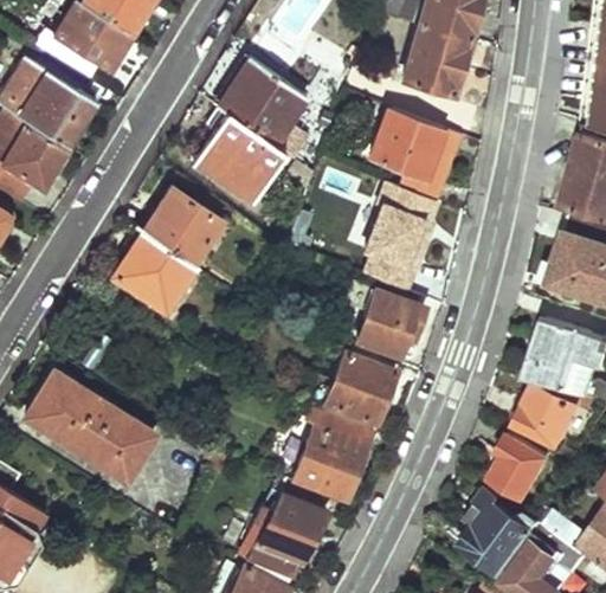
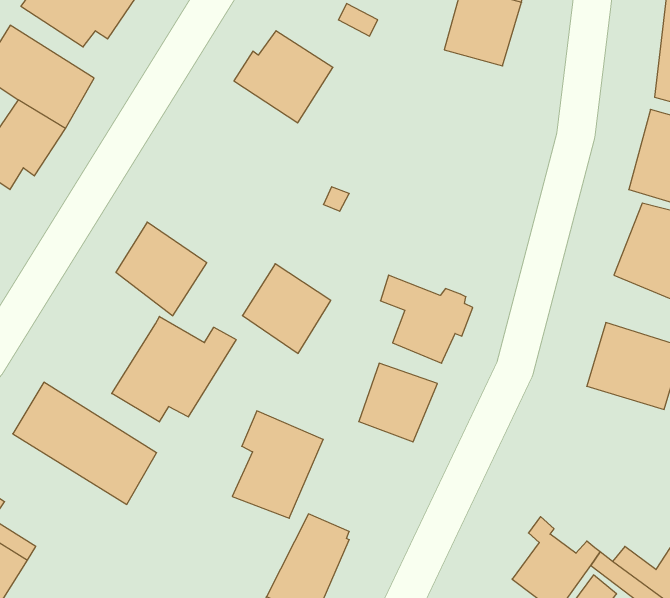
building: [369,109,463,202] -> none
building: [194,110,283,201] -> none
building: [142,188,219,266] -> [242,264,331,353]
building: [375,198,446,296] -> none
building: none -> [112,316,236,422]
building: [516,383,586,451] -> none
building: [294,407,373,501] -> [232,411,323,518]
building: [490,432,547,494] -> none

